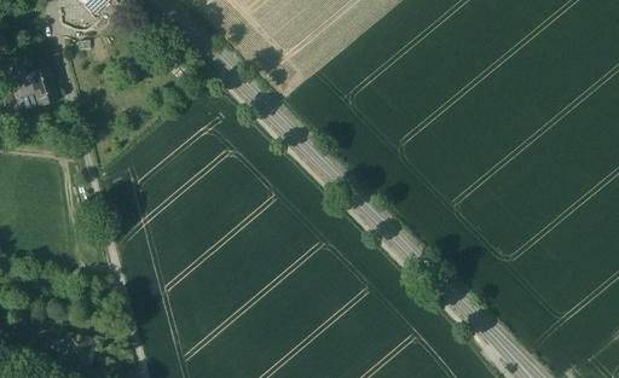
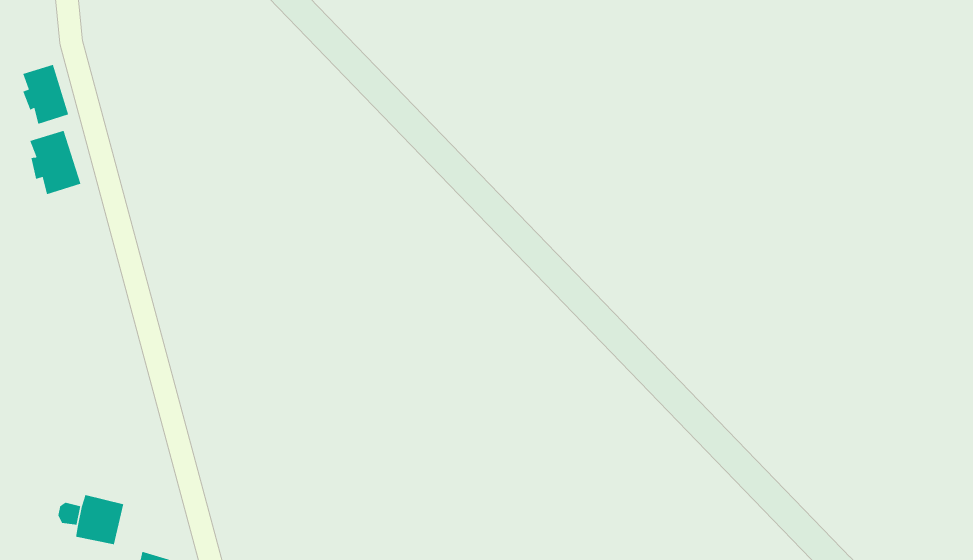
building: none -> [29,130,82,195]

